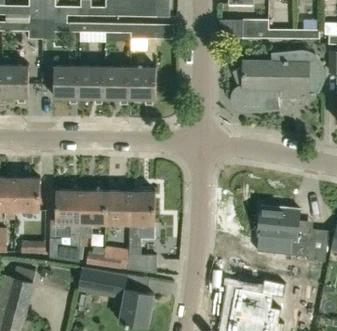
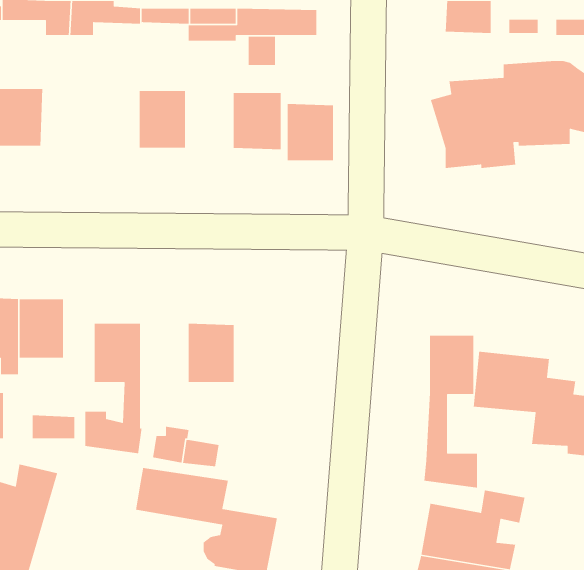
building: [53,67,79,98] -> none
building: [104,67,129,98] -> [287,103,334,161]
building: [80,191,105,247] -> none
building: [127,192,156,274] -> [423,335,478,489]

